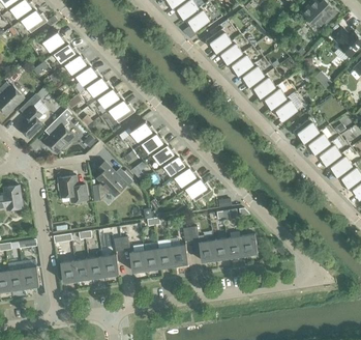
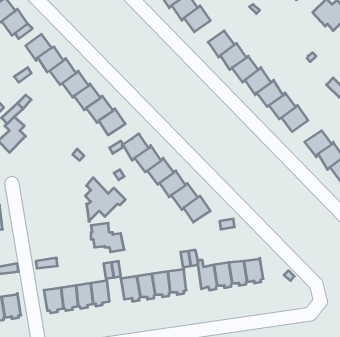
building: [43,110,70,152] -> none
building: [57,176,87,202] -> [91,223,124,252]

